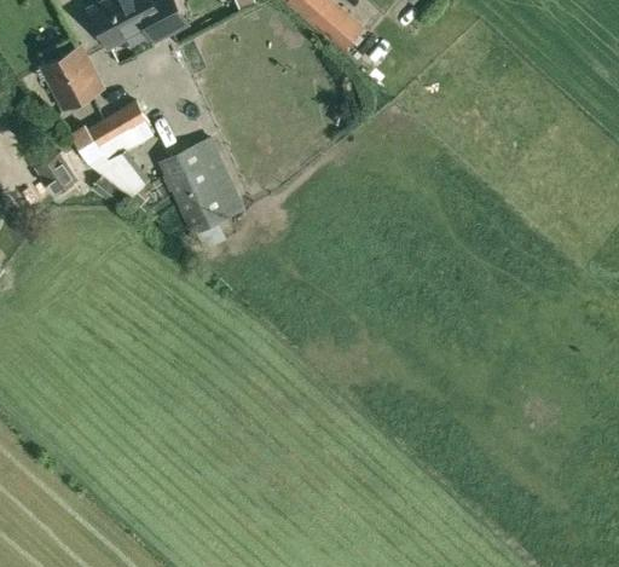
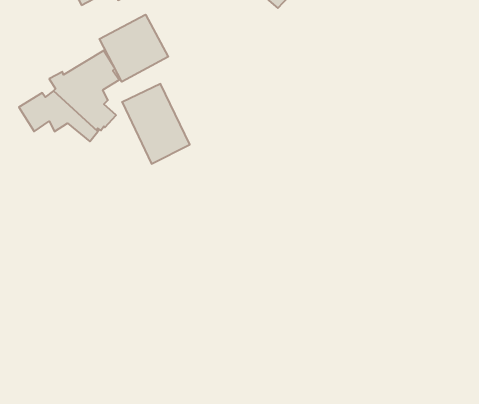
building: [40,44,106,110] -> none
building: none -> [99,15,168,82]

